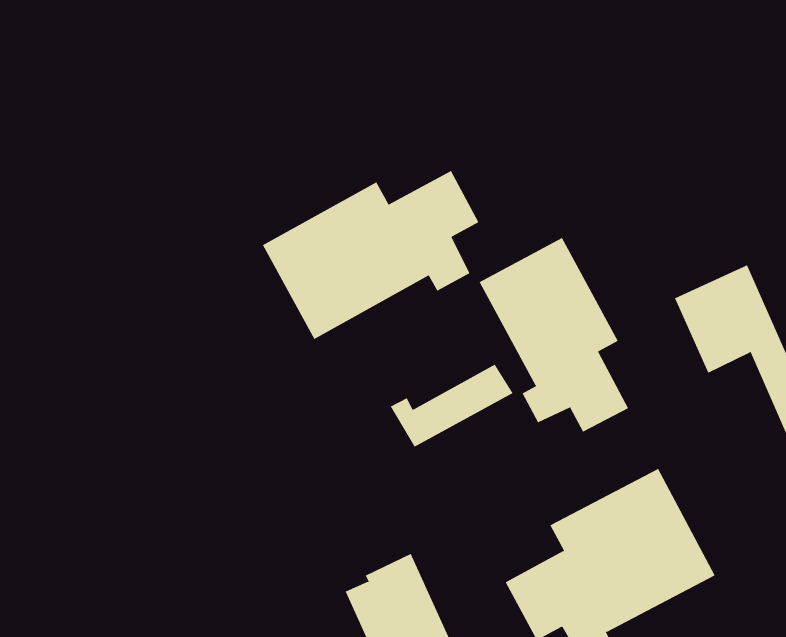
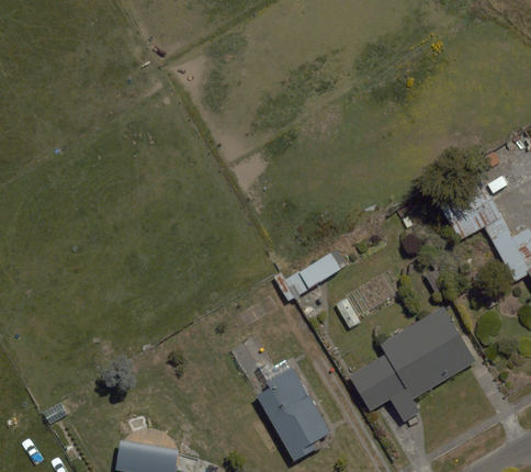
building: [262,170,479,340] -> none
building: [479,237,629,432] -> none

